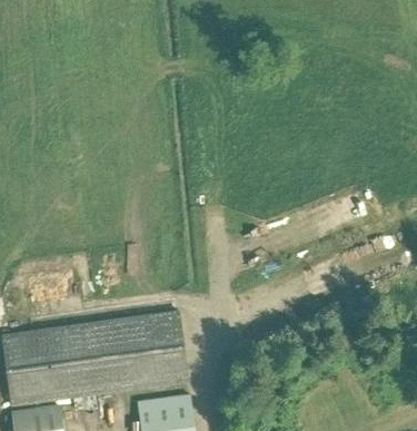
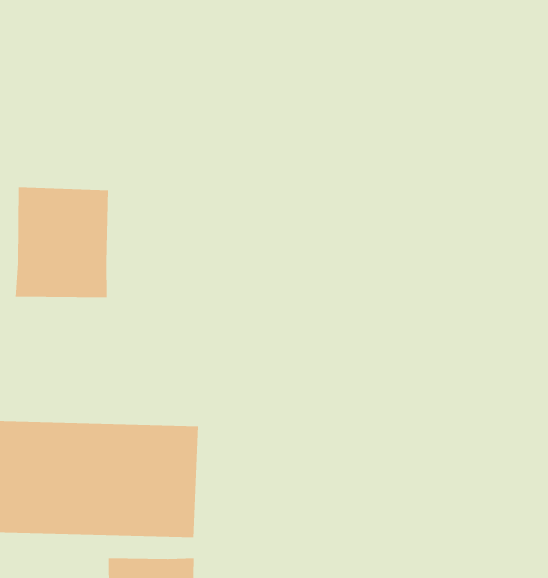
building: none -> [15,186,109,298]

